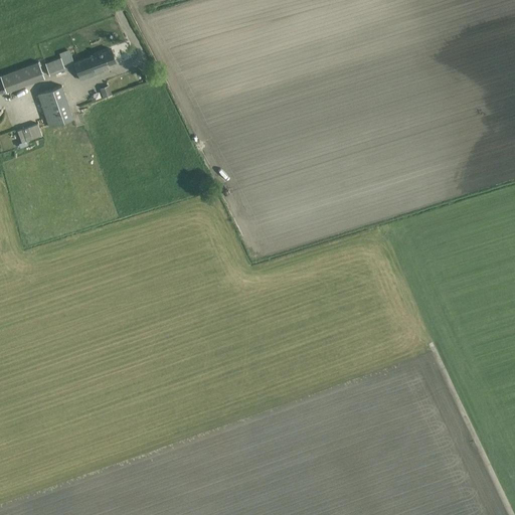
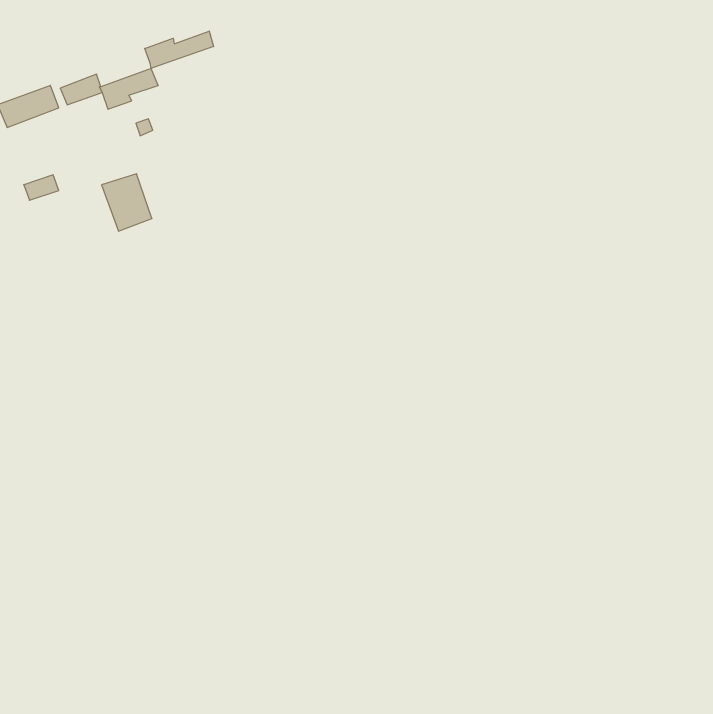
building: none -> [145,31,213,69]
building: [35,87,71,128] -> [102,174,152,231]

